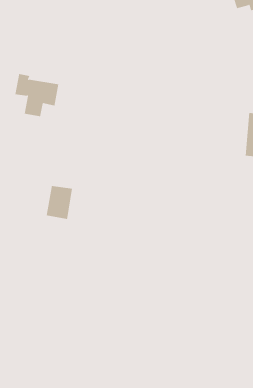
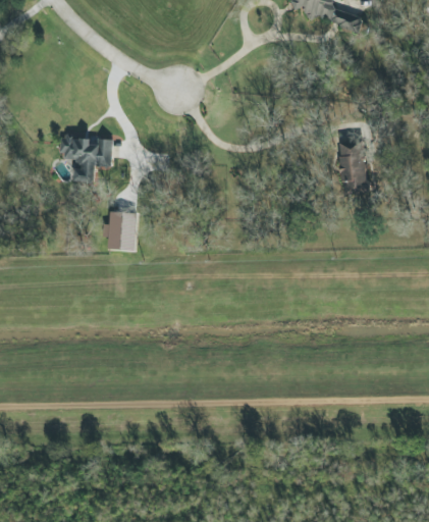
building: [46,185,73,220] -> [108,211,136,249]

